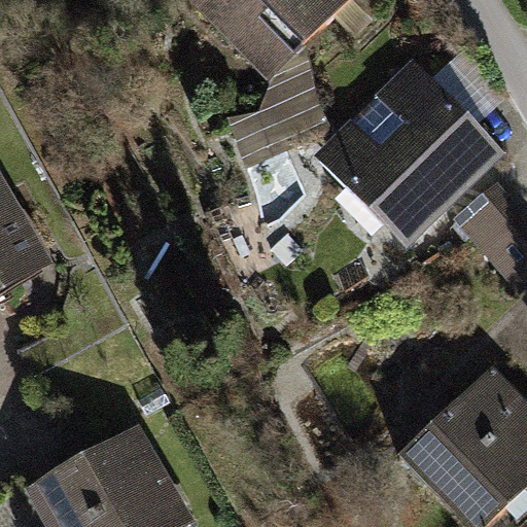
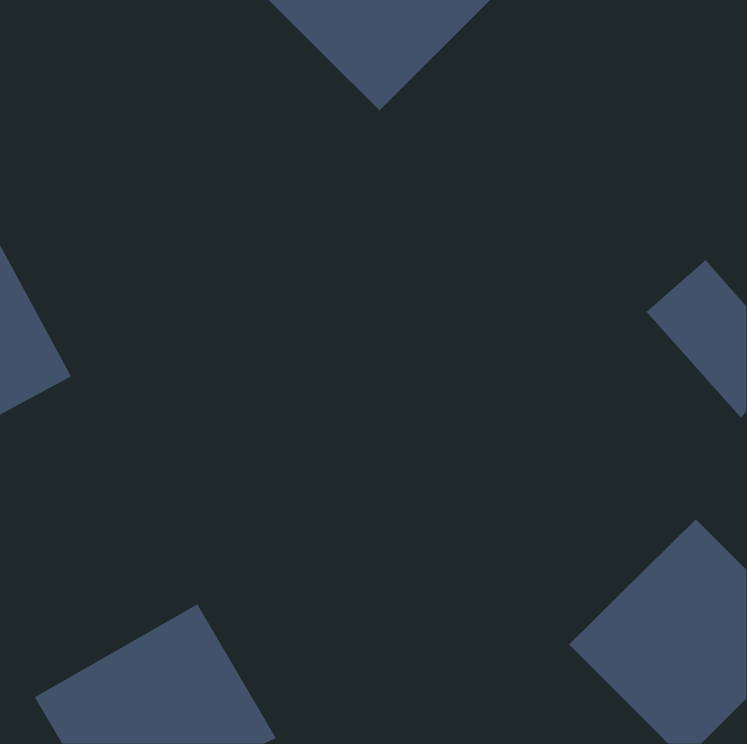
building: [317,60,505,248] -> none

